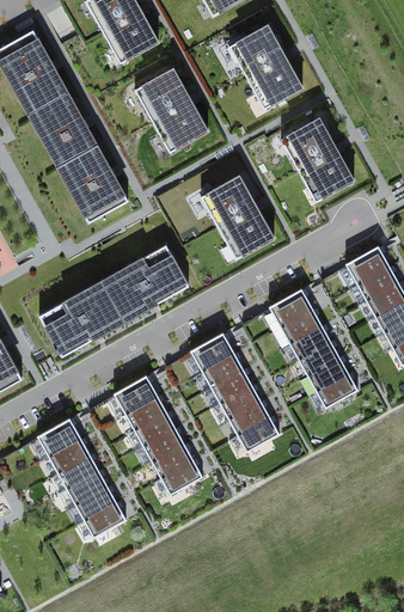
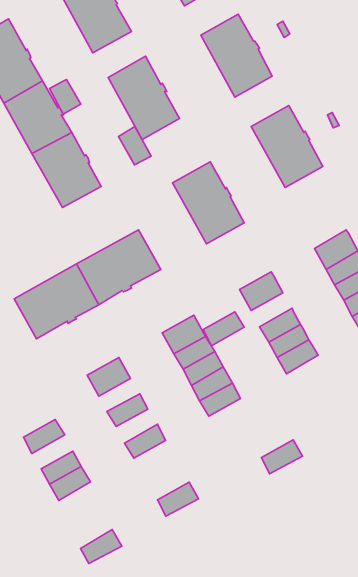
building: none -> [50,80,81,114]
building: none -> [118,126,151,165]
building: [280,308,322,343] -> [203,312,244,346]
building: [316,372,357,406] -> none
building: [124,396,166,429] -> none
building: [36,416,80,455] -> none
building: [237,416,278,451] -> [261,440,302,474]
building: [142,427,184,461] -> none
building: [56,453,98,488] -> none
building: [160,459,202,494] -> [158,482,199,516]
building: [84,501,126,536] -> [81,530,122,564]

